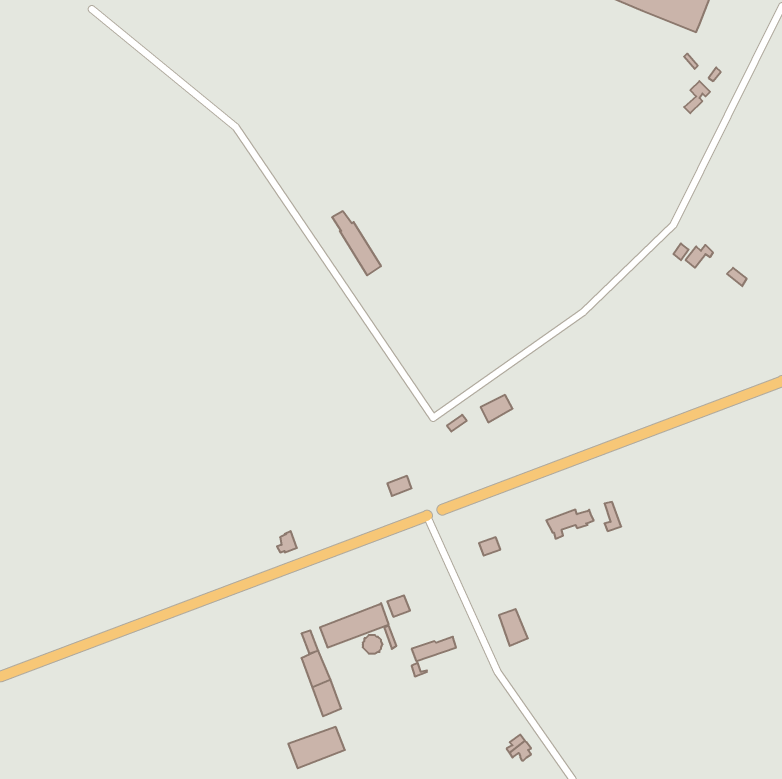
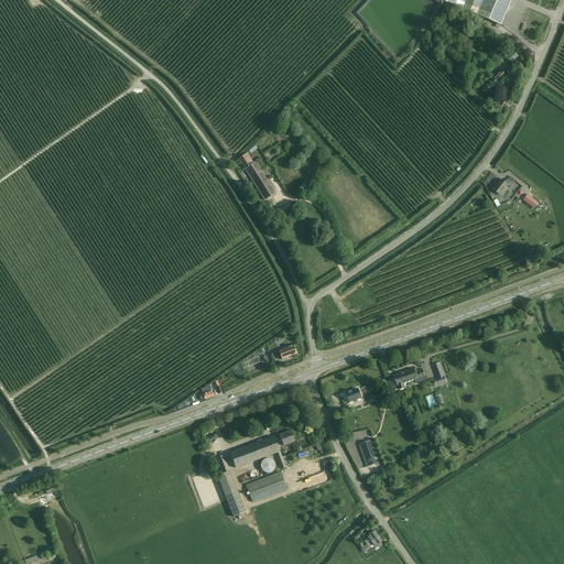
building: [288,727,345,768] -> [246,470,286,500]

